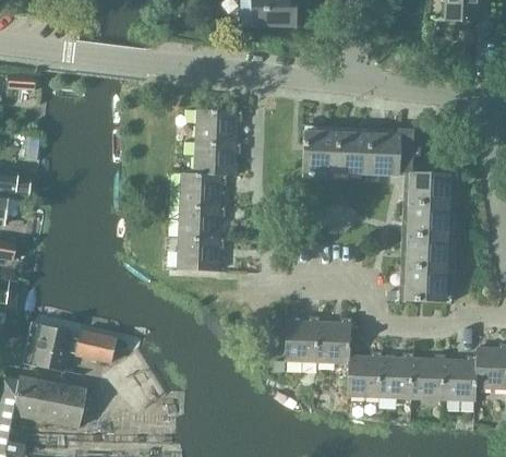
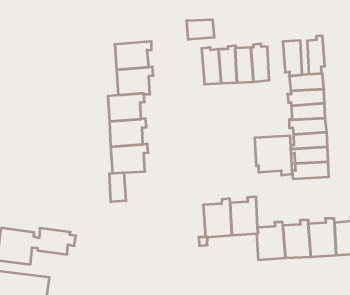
building: none -> [187,20,214,40]
building: [383,129,405,176] -> [307,36,325,74]
building: none -> [255,136,292,175]
building: none -> [110,173,126,202]

